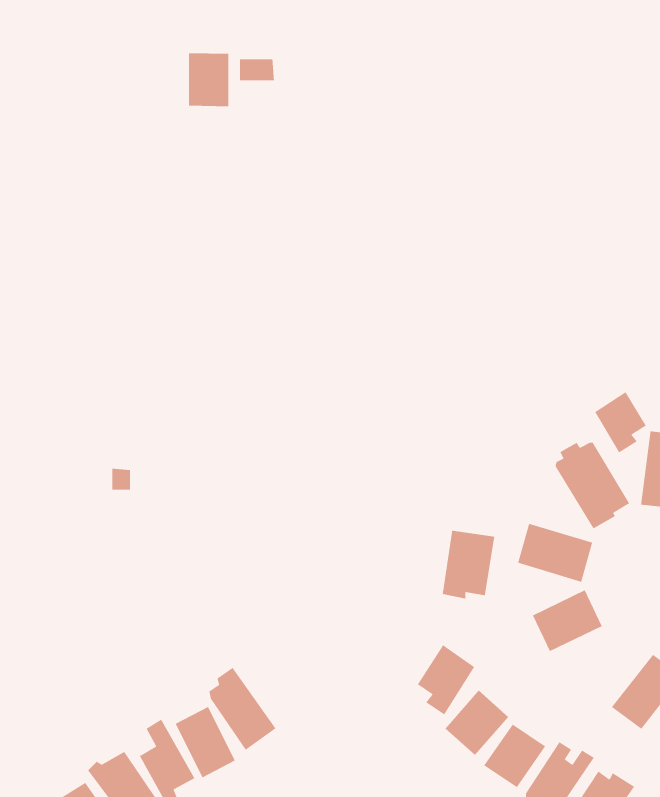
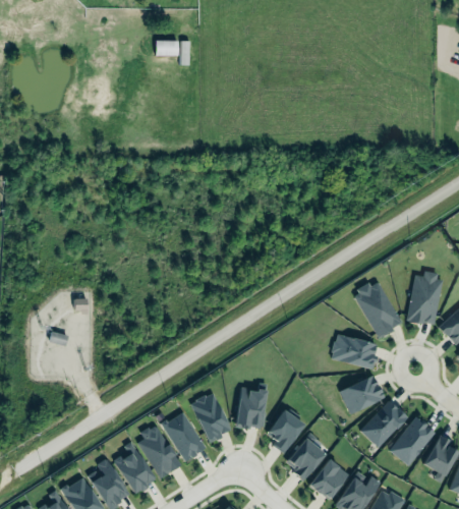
building: [188,52,229,107] -> none
building: [594,391,647,454] -> none
building: [442,530,495,599] -> [235,388,269,432]
building: none -> [190,394,230,443]
building: none -> [360,401,407,447]
building: none -> [160,412,204,462]

